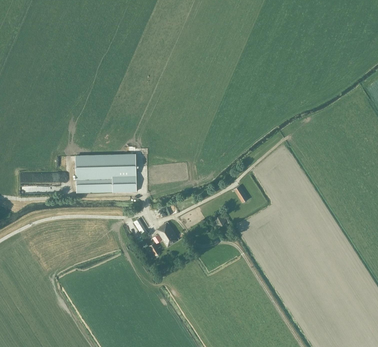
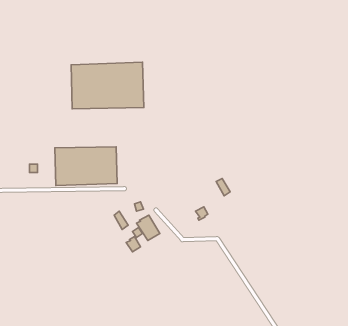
building: none -> [71,62,144,109]

